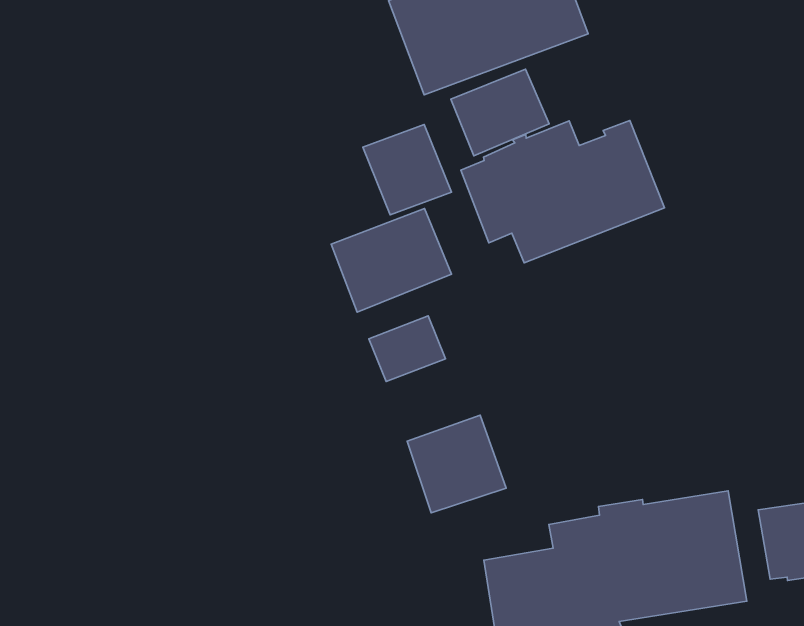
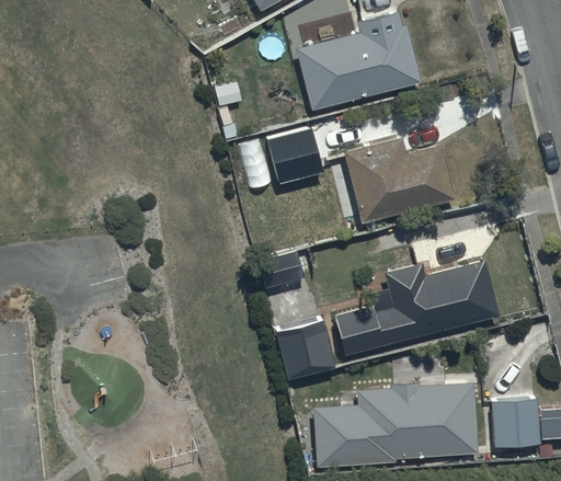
building: [451,69,549,156] -> none
building: [331,208,451,312] -> none
building: none -> [334,259,500,357]

